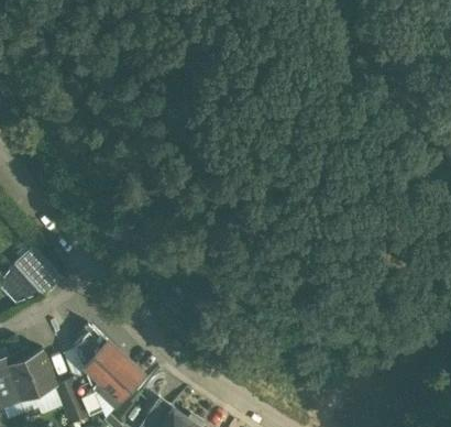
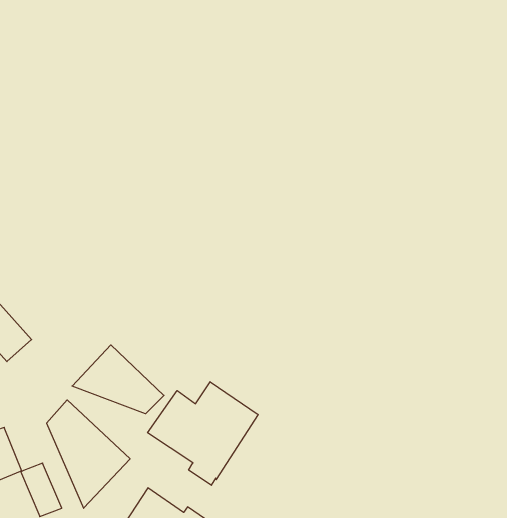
building: none -> [72,345,164,414]
building: none -> [148,382,258,485]

